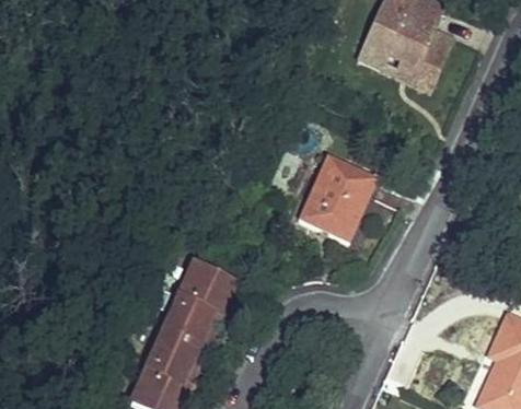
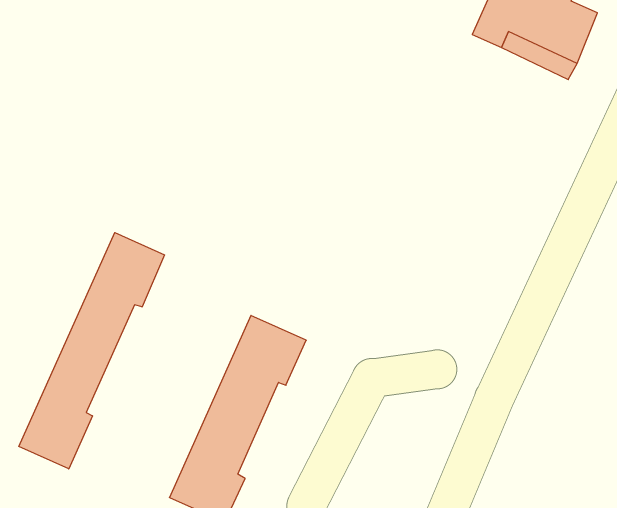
building: [298,155,378,242] -> none
building: none -> [19,233,165,469]

